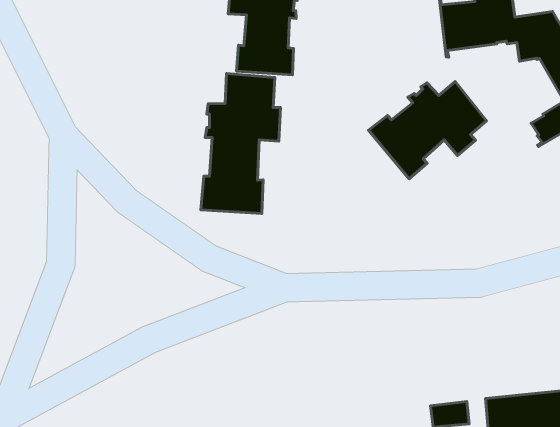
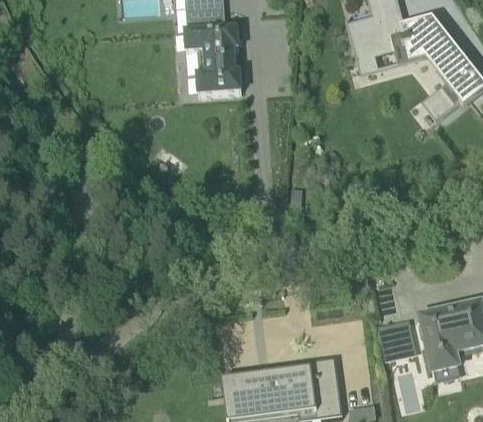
building: [201,73,280,213] -> none
building: [369,82,487,179] -> none

